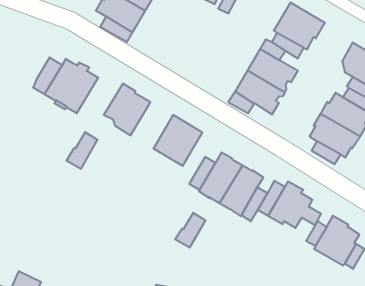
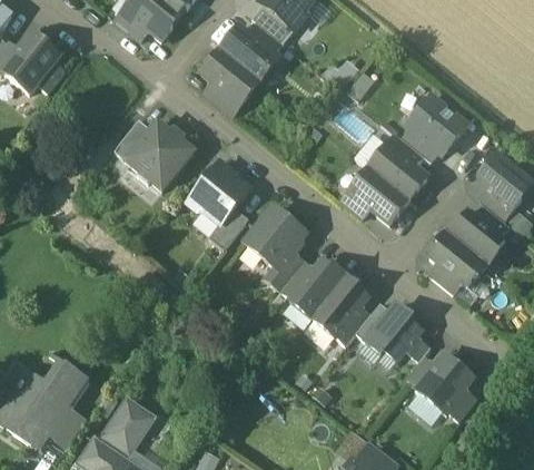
building: [66,132,98,169] -> [208,205,248,247]
building: [175,213,206,248] -> [265,249,304,290]

